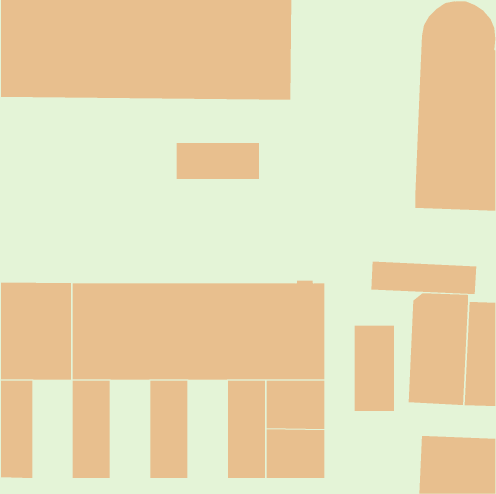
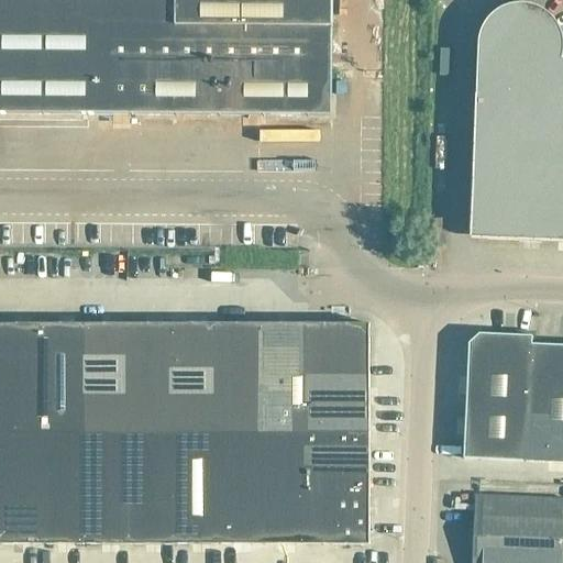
building: [176,142,260,180] -> none
building: [371,261,477,295] -> none
building: [354,325,394,412] -> none
building: none -> [37,430,81,541]
building: none -> [125,430,169,541]
building: none -> [213,430,257,541]

